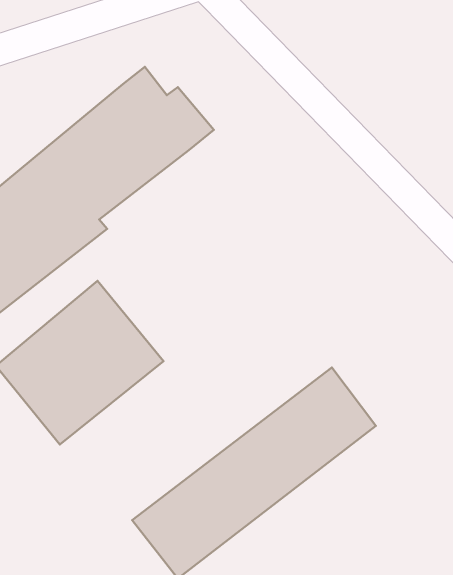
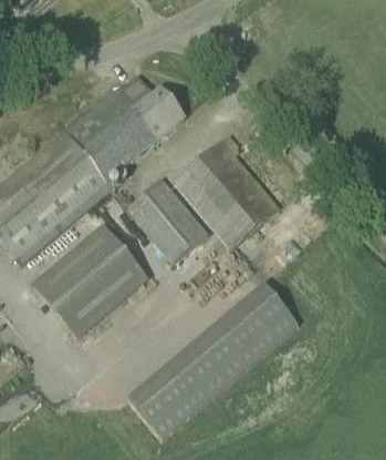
building: none -> [176,140,280,246]
building: none -> [127,177,209,263]

